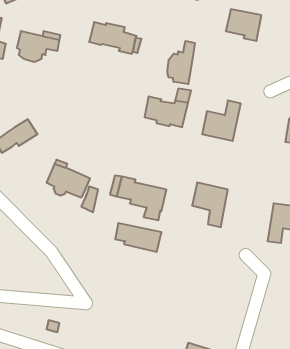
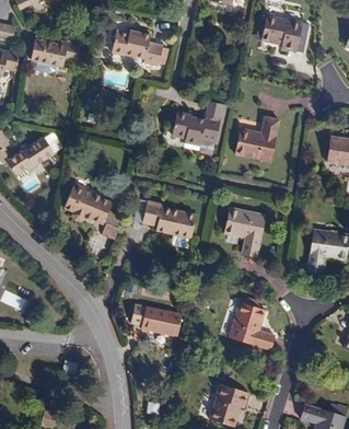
building: [167,41,195,84] -> none
building: [115,223,162,252] -> [130,304,182,336]
building: none -> [229,299,274,349]

